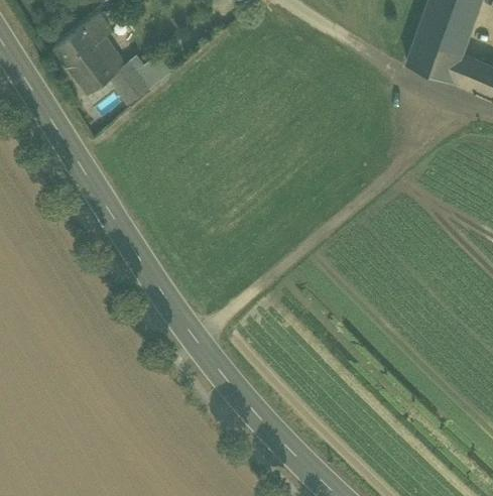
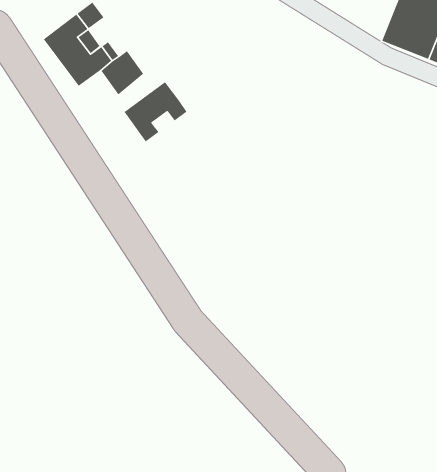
building: none -> [124,81,187,143]

